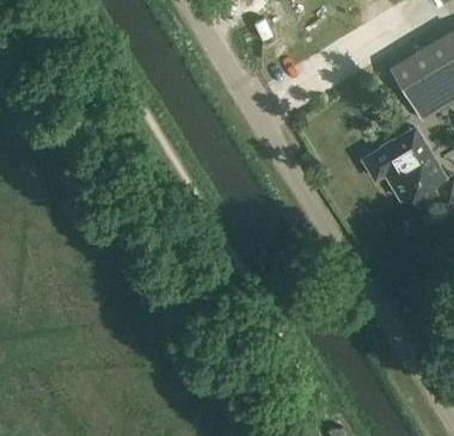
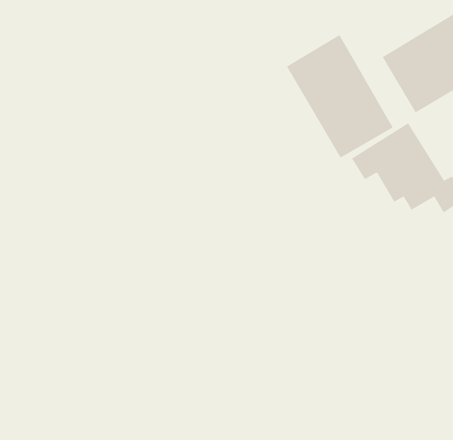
building: none -> [286,34,393,158]

